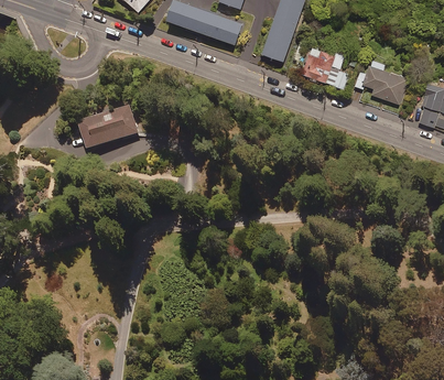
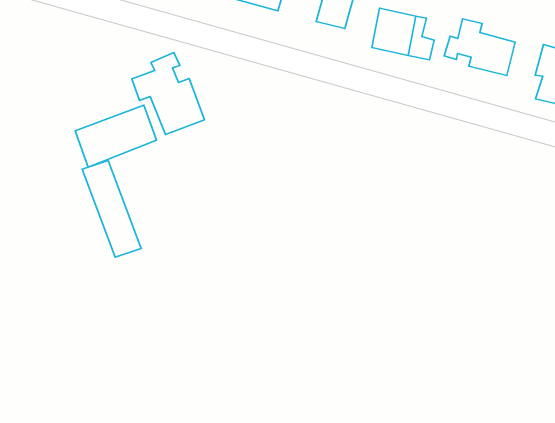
building: none -> [132,52,205,134]
building: none -> [82,161,141,257]

